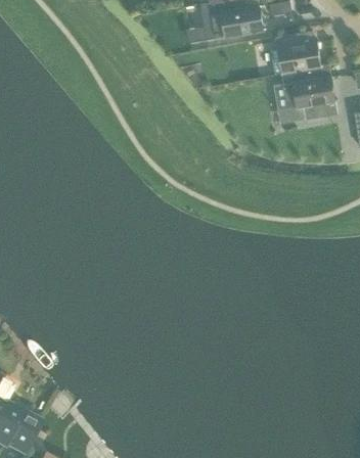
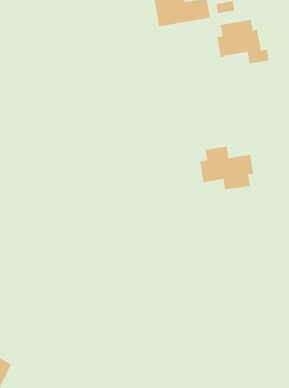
building: [274,68,336,119] -> [199,146,254,190]

